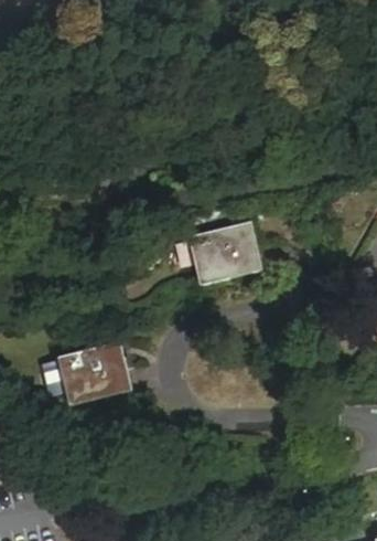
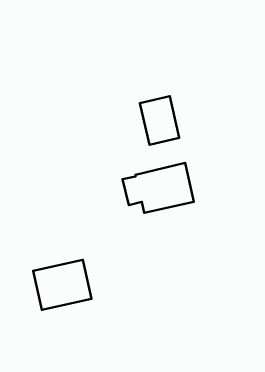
building: none -> [140,96,179,145]

